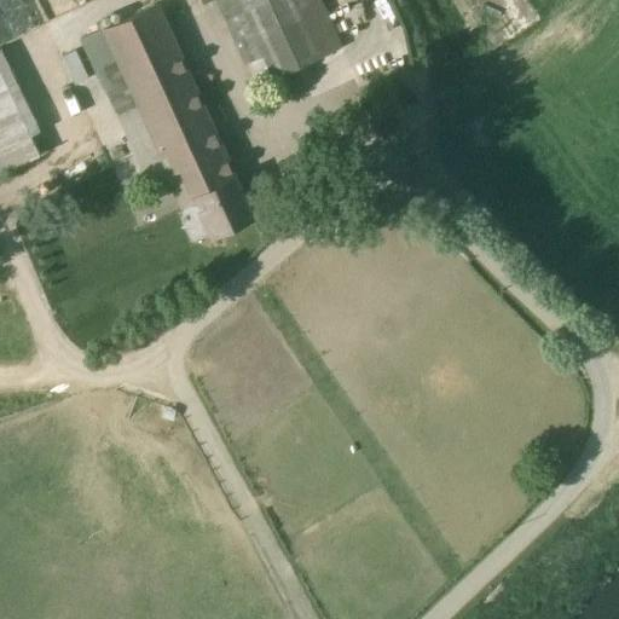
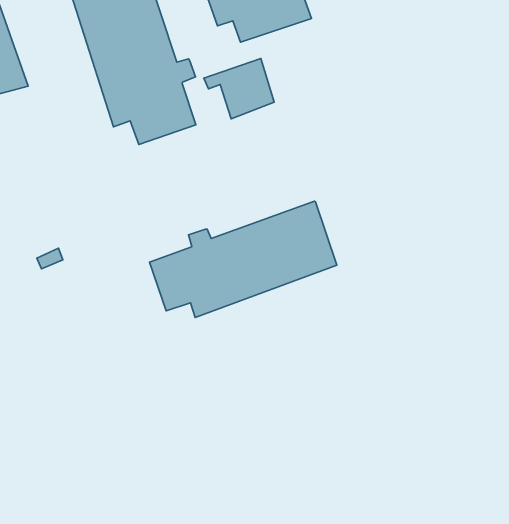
building: [174,170,251,238] -> [204,59,274,119]
building: none -> [149,201,337,317]

